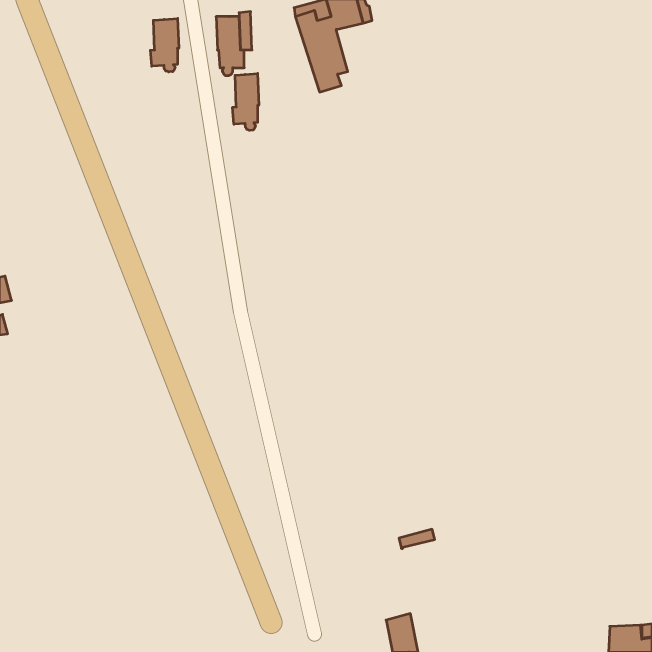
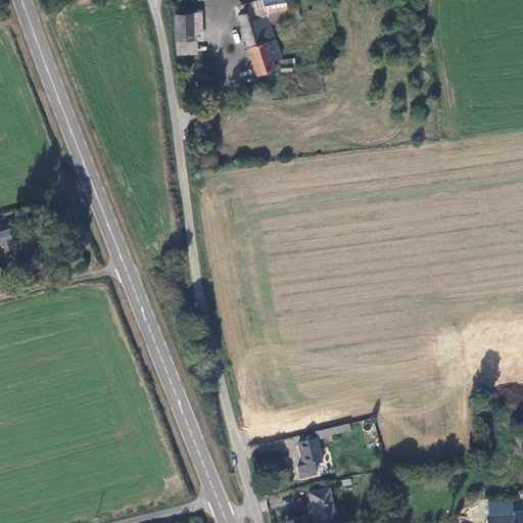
building: [150,18,179,72] -> none
building: [233,73,259,130] -> none
building: none -> [295,438,321,478]

